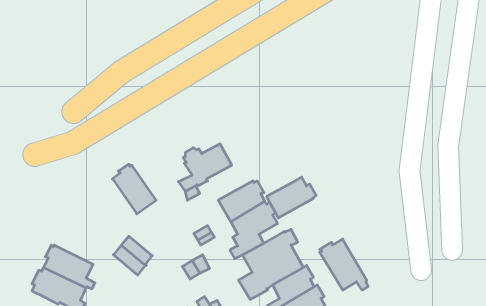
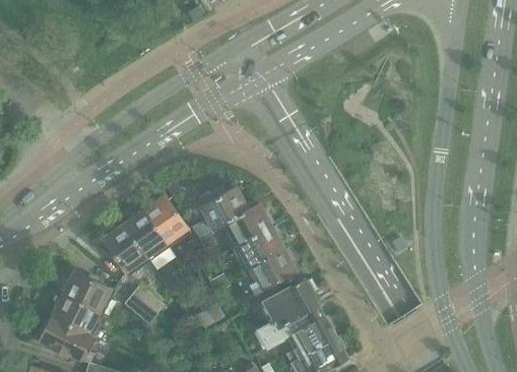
building: none -> [143,196,190,247]
building: [267,177,316,218] -> [221,204,273,247]
building: none -> [102,224,148,276]
building: none -> [60,271,114,314]
building: [320,239,368,290] -> none

